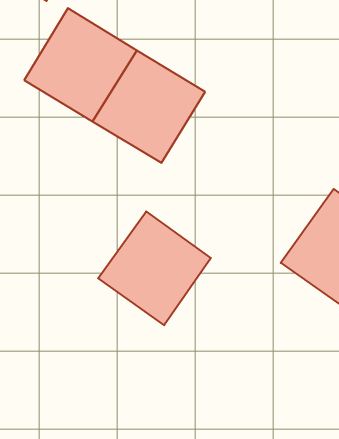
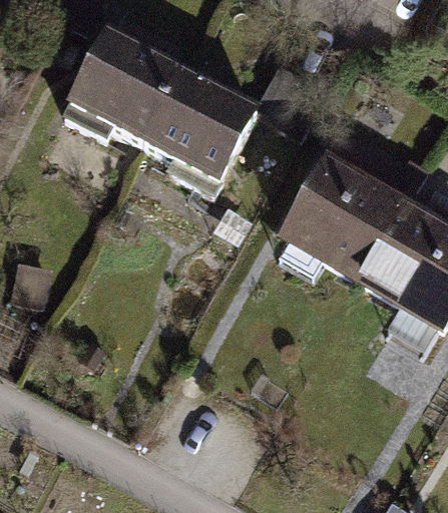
building: none -> [278,155,406,285]
building: [98,211,211,325] -> none

